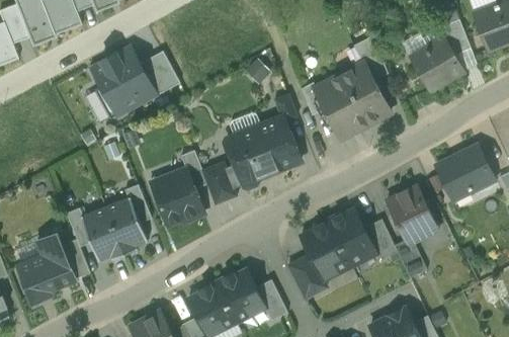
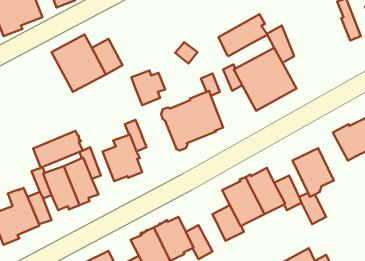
building: none -> [218,14,267,56]
building: [404,35,462,90] -> none
building: [201,162,243,204] -> [131,70,165,105]
building: none -> [33,131,83,168]

